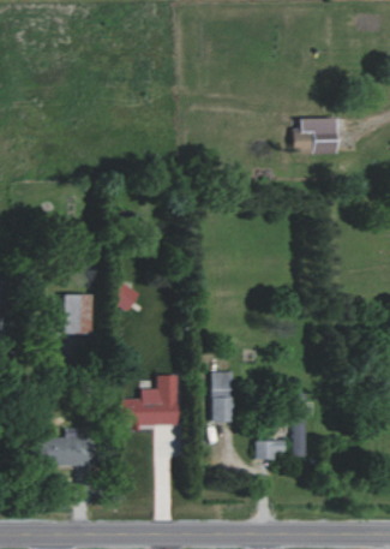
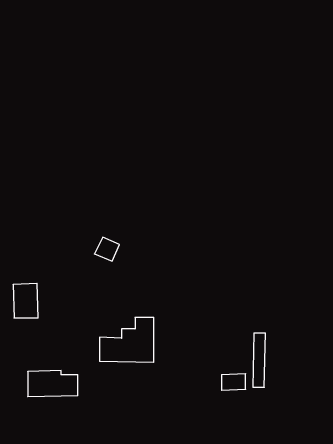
building: [293,117,337,154] -> none
building: [62,293,91,333] -> [13,283,38,318]
building: [214,371,235,420] -> none

